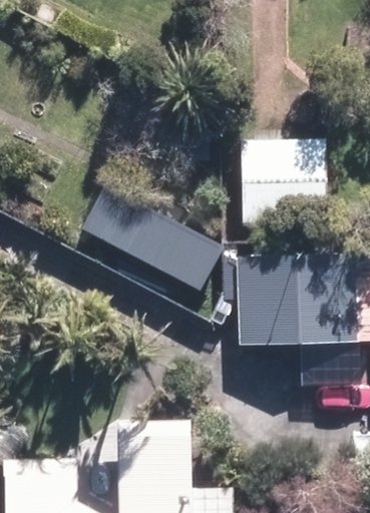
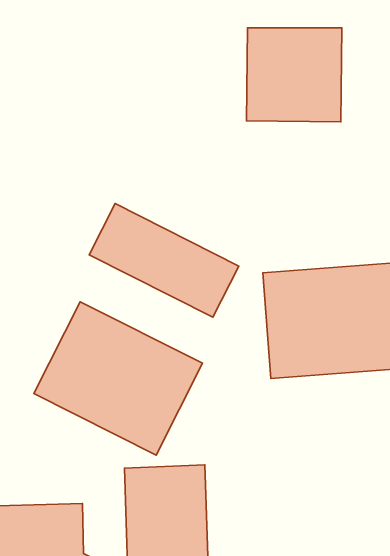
building: [243,142,327,225] -> [247,28,342,122]
building: none -> [34,302,202,455]

